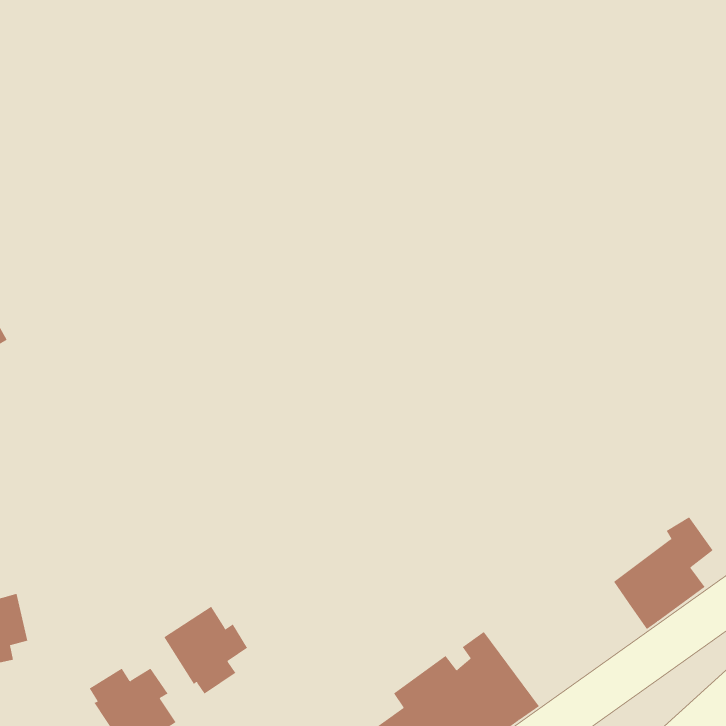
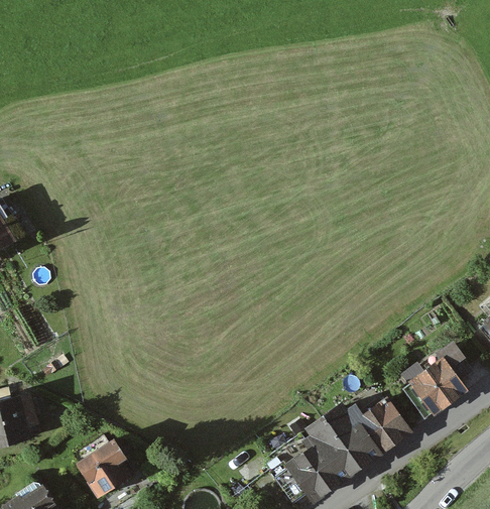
building: none -> [325,399,408,466]
building: [163,606,248,694] -> none

